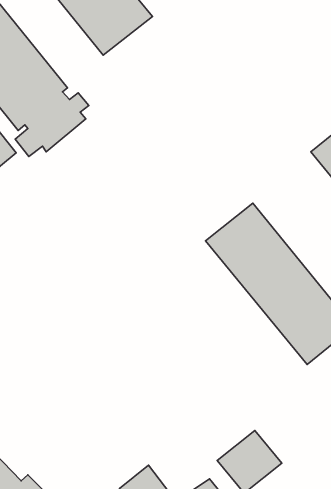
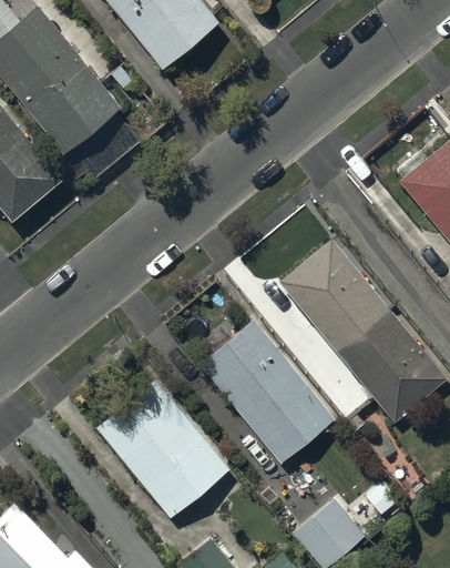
building: none -> [200,322,335,465]
building: none -> [98,381,229,518]

